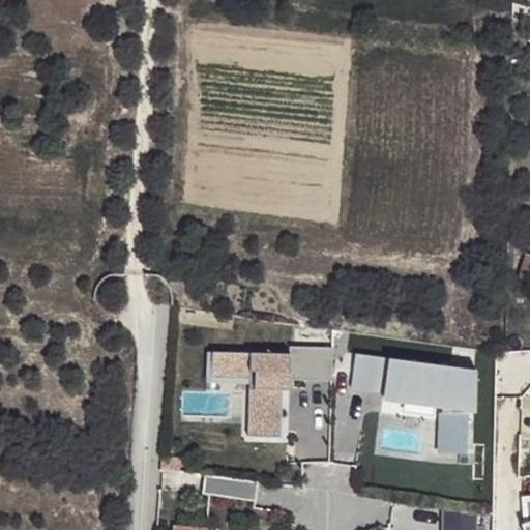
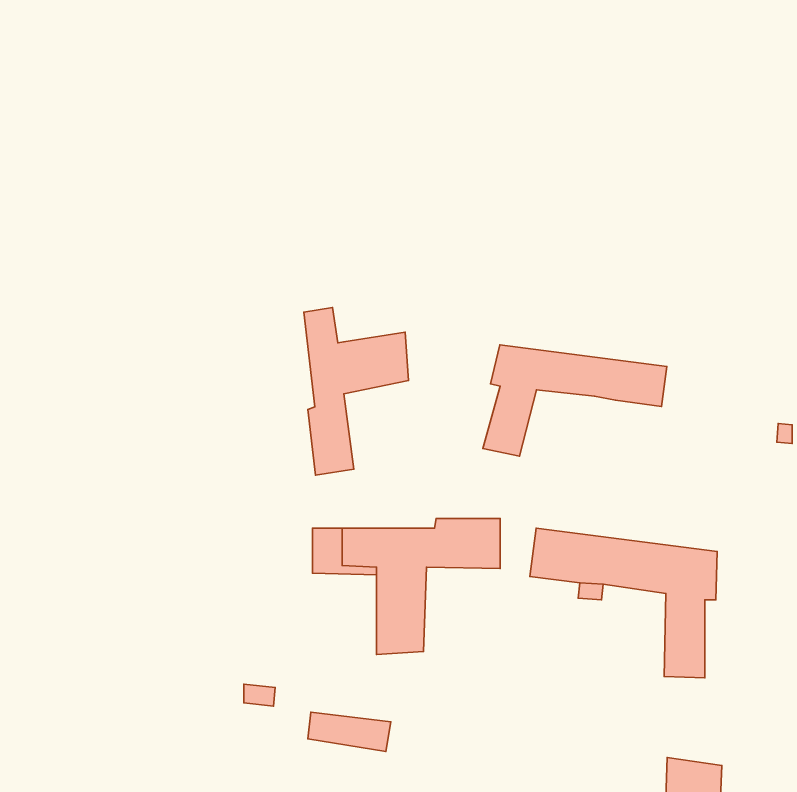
building: none -> [304,308,408,475]
building: none -> [483,345,667,456]

